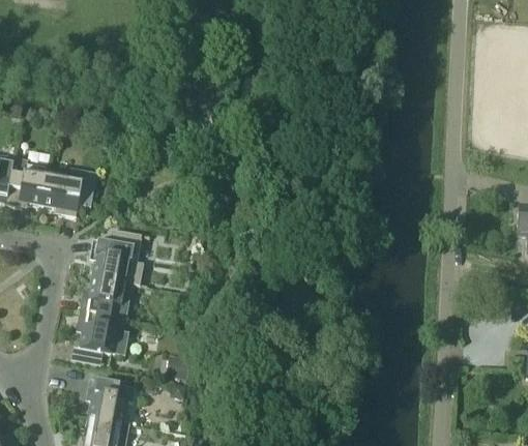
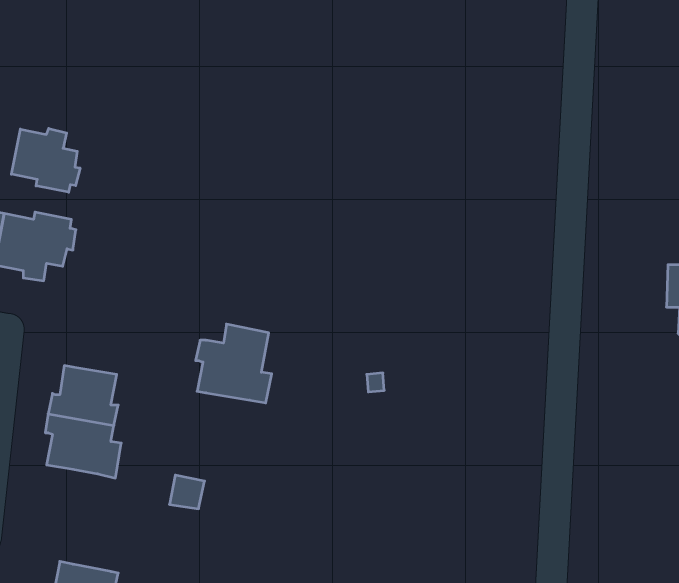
building: none -> [11,128,80,192]
building: [89,229,143,285] -> [196,324,272,403]
building: [86,379,135,422] -> none

